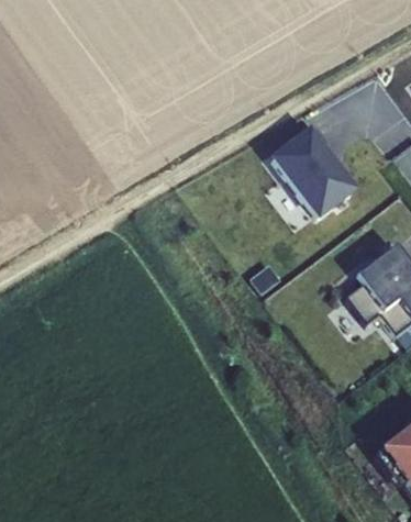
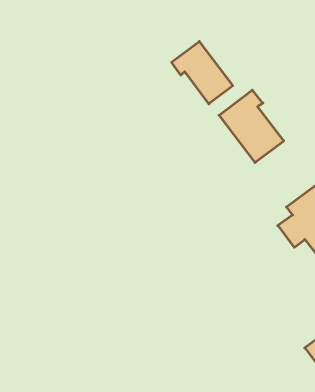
building: none -> [172,41,233,104]

